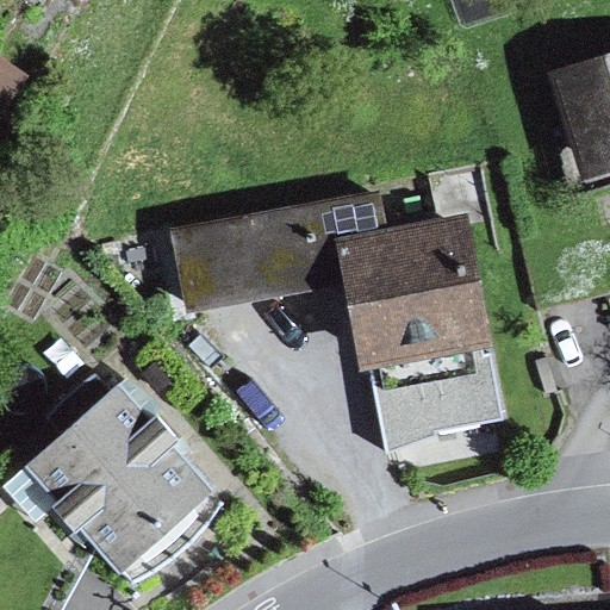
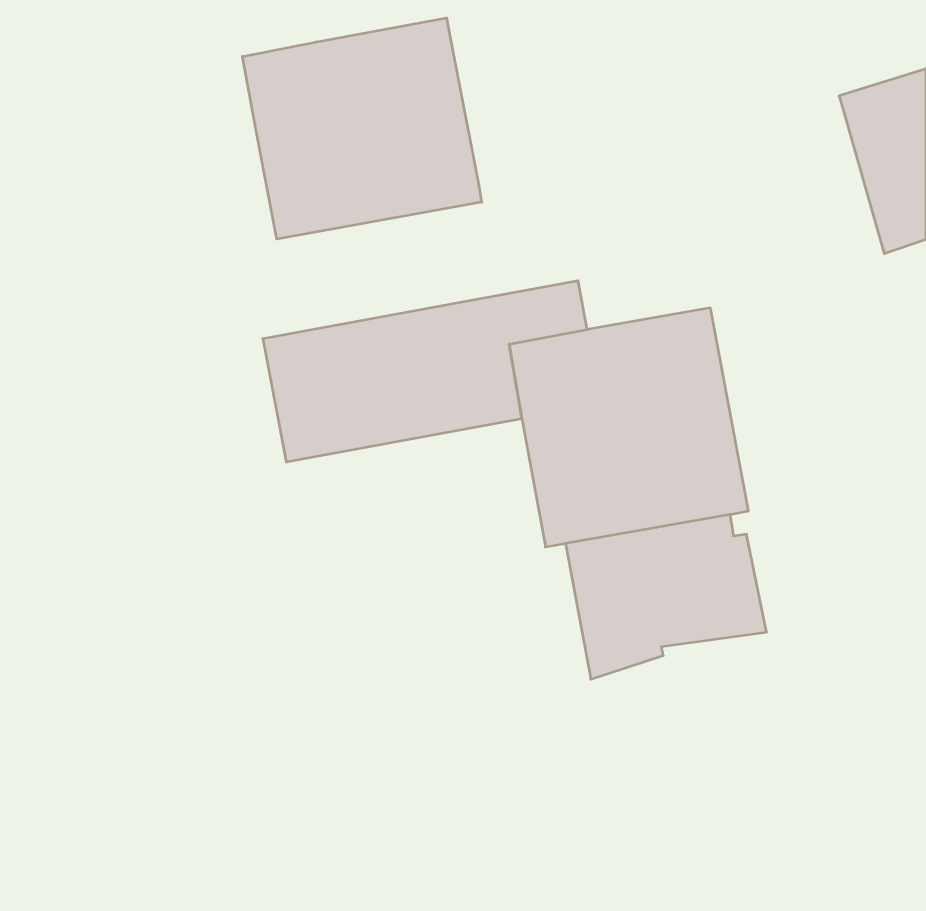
building: none -> [242,18,482,239]
building: [23,380,222,587] -> none

